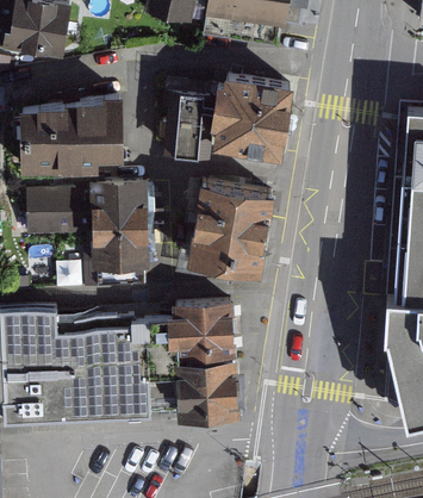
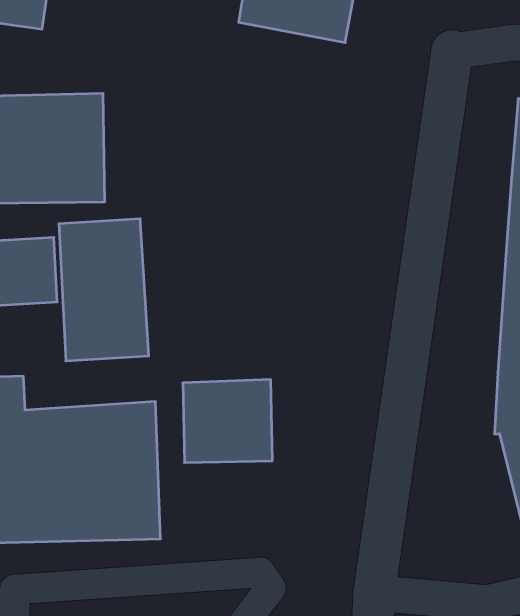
building: [223,74,310,166] -> none
building: [167,85,213,156] -> none
building: [198,179,288,274] -> none
building: [167,360,230,421] -> none

